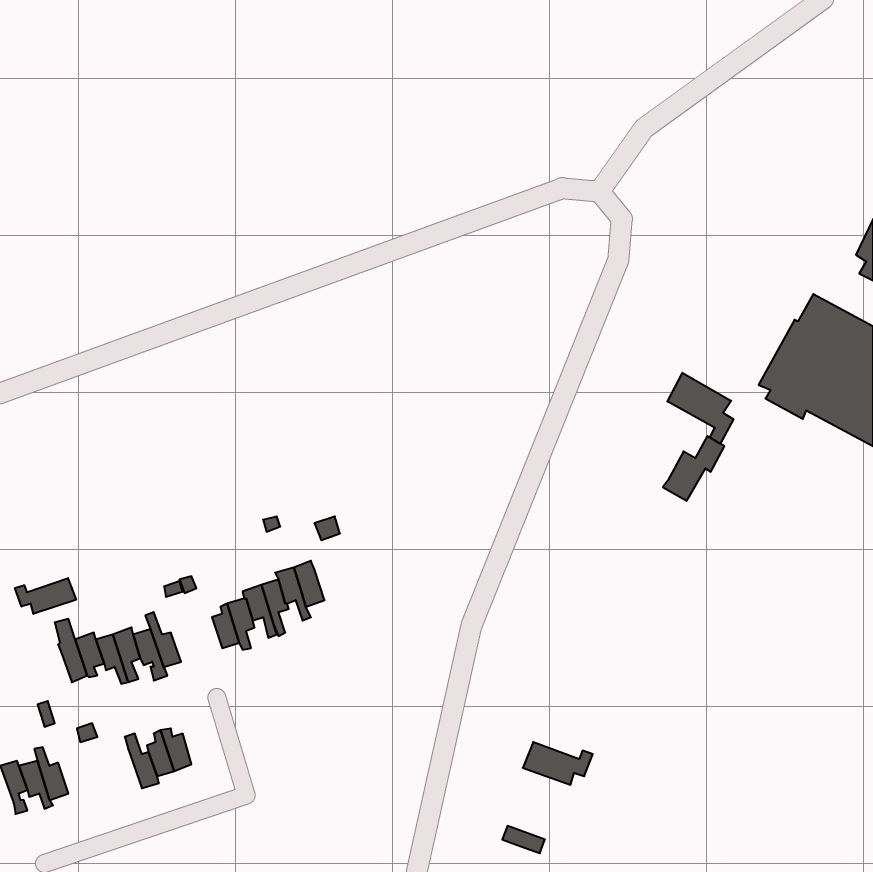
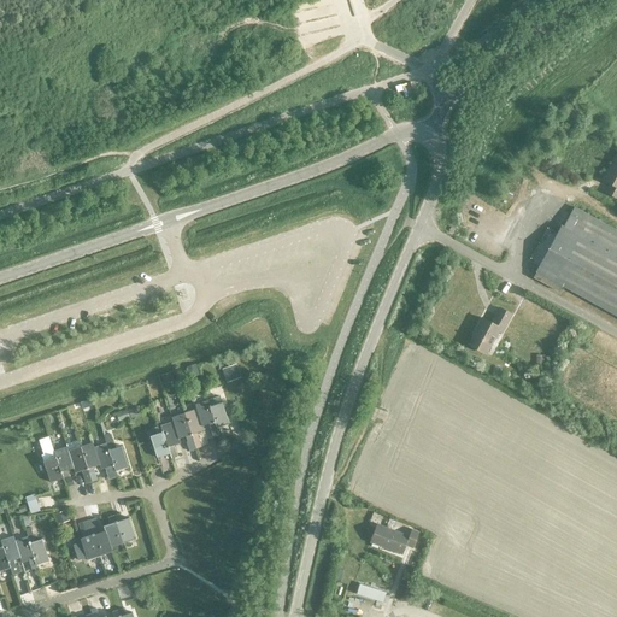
building: [667,373,733,444] -> none
building: [15,578,76,614] -> none
building: none -> [74,519,100,560]

